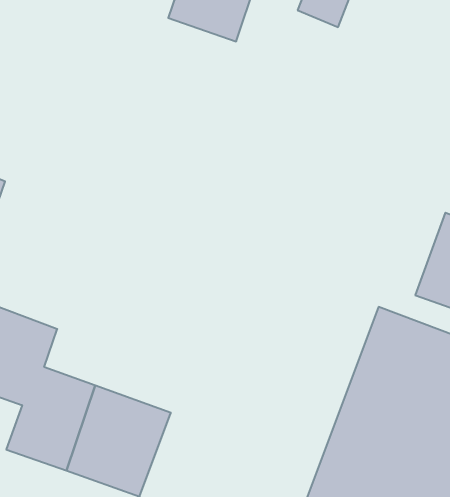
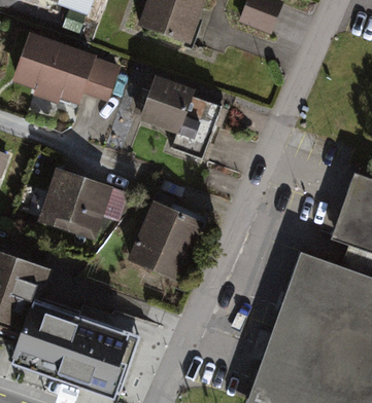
building: none -> [12,31,121,103]
building: none -> [138,73,219,156]
building: none -> [36,164,129,239]
building: none -> [131,204,201,279]

